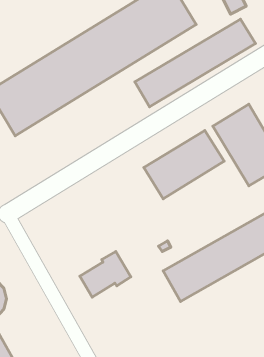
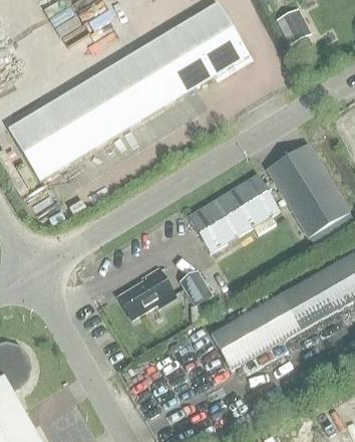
building: [135,19,256,107] -> none
building: none -> [180,269,212,304]
building: [80,252,131,297] -> [117,266,175,318]

